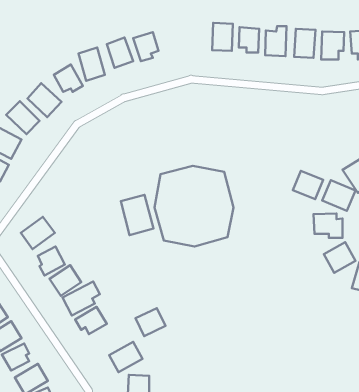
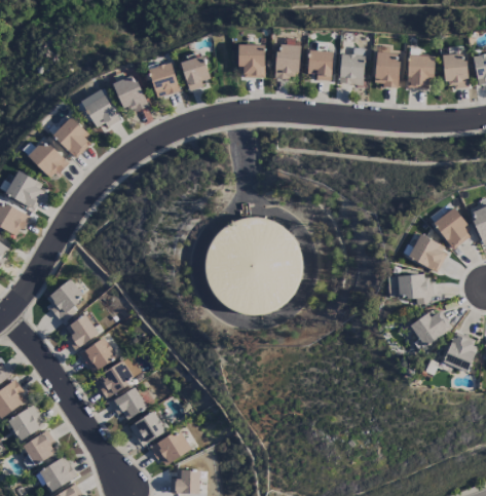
building: none -> [239,44,264,78]
building: [293,171,323,199] -> none
building: [121,195,153,235] -> none
building: [136,308,165,336] -> [129,412,165,446]

